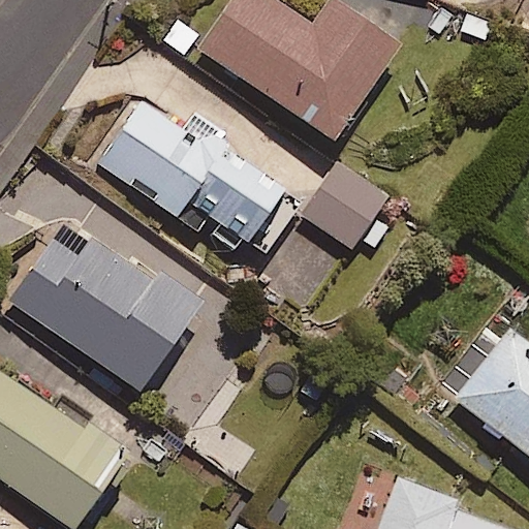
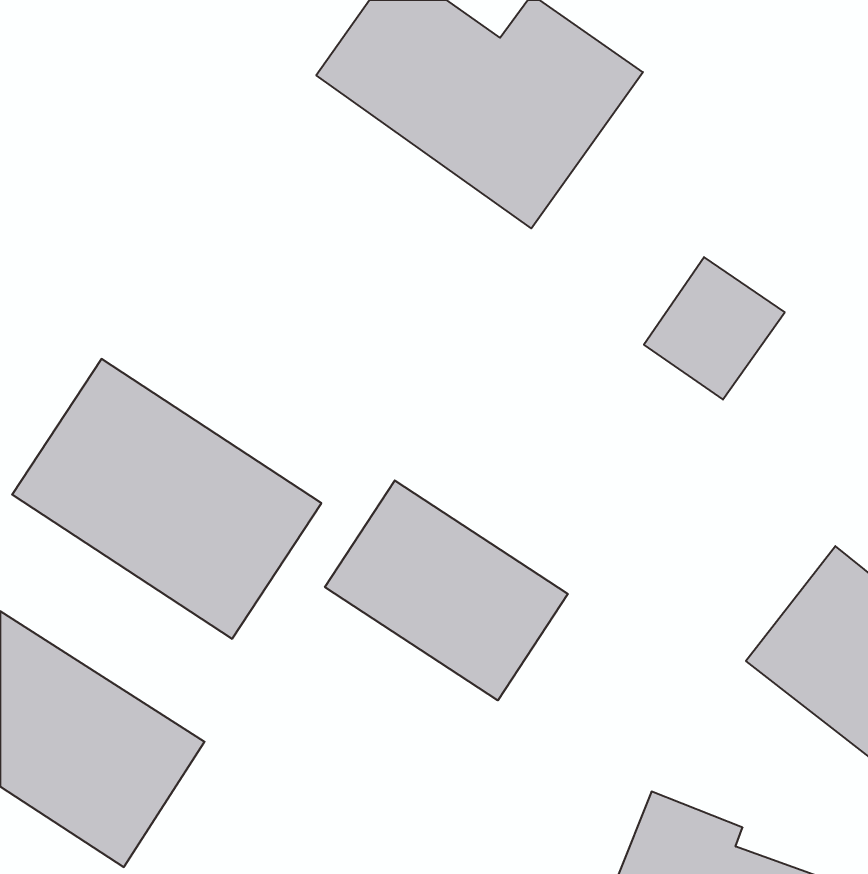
building: [99,103,294,252] -> none
building: [301,162,385,248] -> [644,257,785,400]
building: none -> [325,480,568,700]

